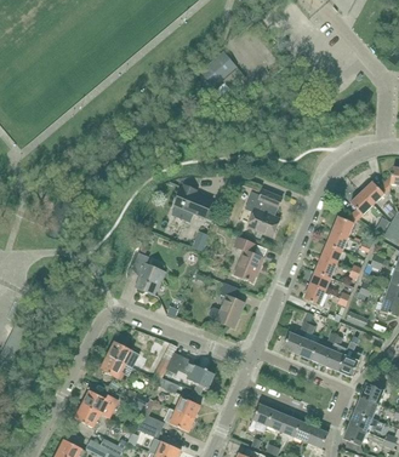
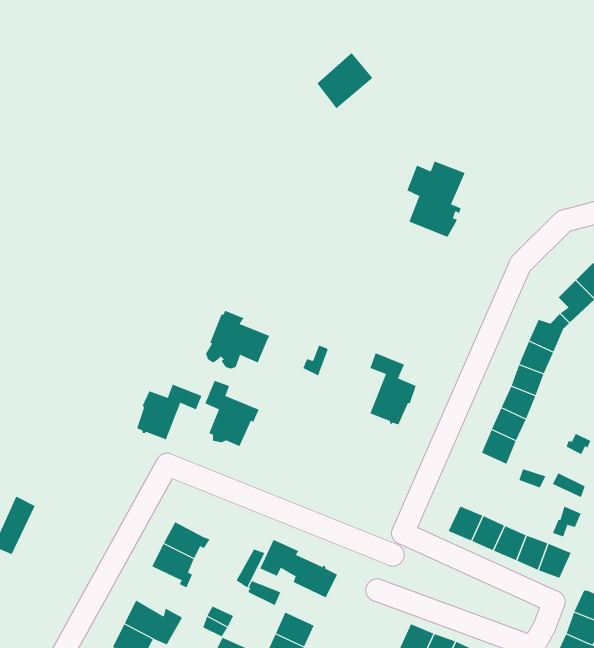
building: [172,184,212,221] -> [205,310,270,369]
building: [246,189,283,236] -> [407,161,466,238]
building: none -> [136,384,202,440]
building: [210,282,245,327] -> none

